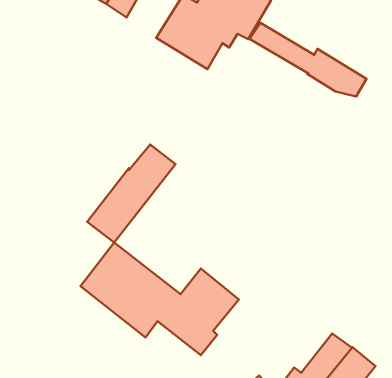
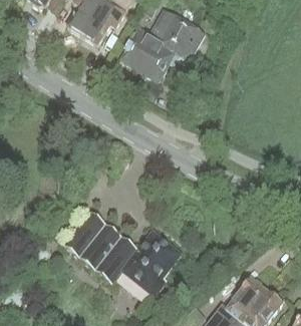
building: [249,23,367,97] -> none
building: [87,144,176,243] -> none

